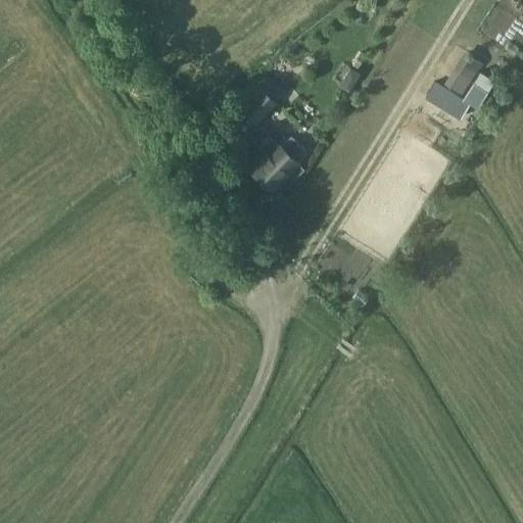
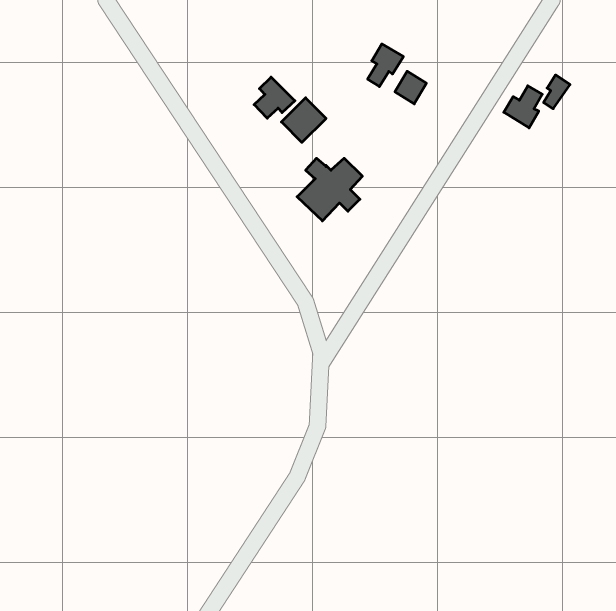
building: none -> [368,44,403,87]
building: none -> [254,77,295,118]

